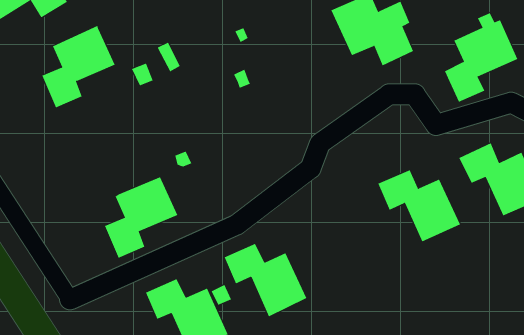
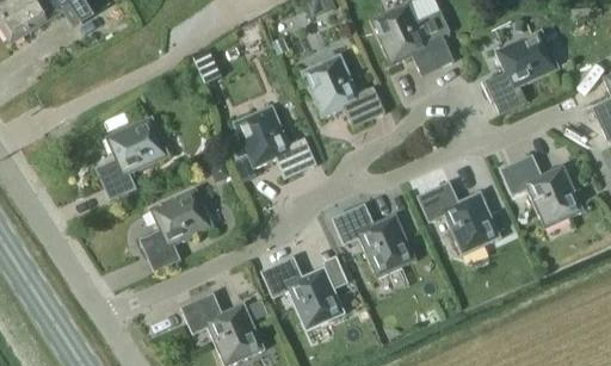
building: [42,25,115,108] -> [94,116,169,200]
building: none -> [301,52,385,128]
building: none -> [226,104,316,179]
building: none -> [332,203,416,278]

